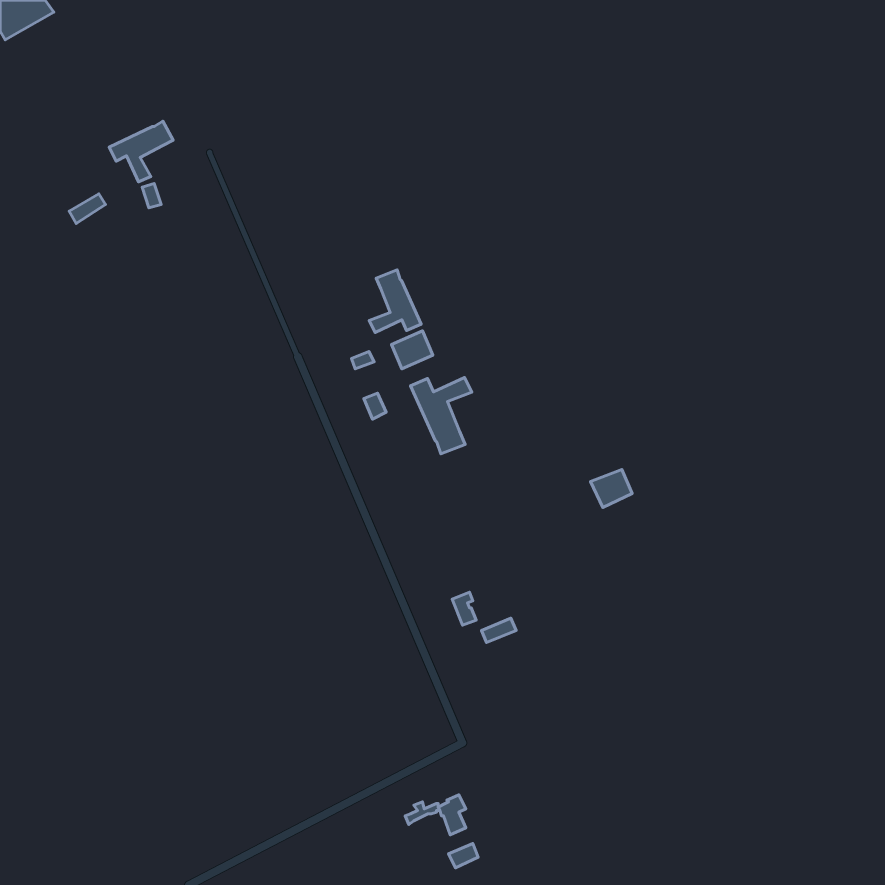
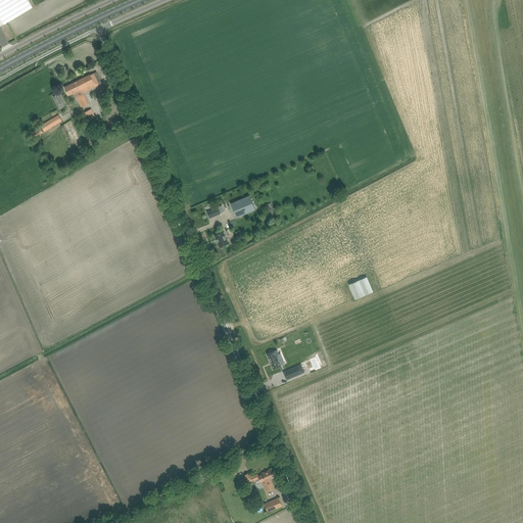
building: [369,270,421,332] -> none
building: [411,377,472,454] -> none

